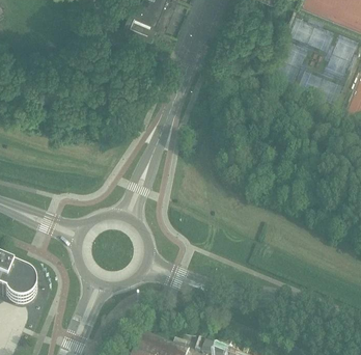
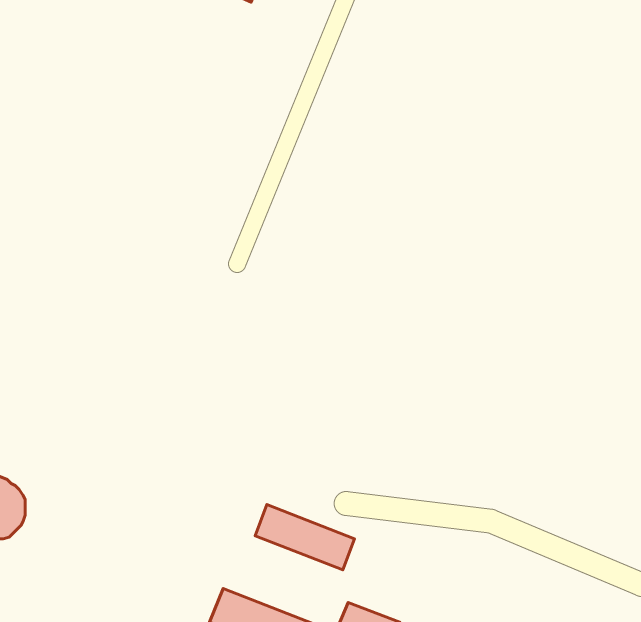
building: none -> [255,505,354,570]

